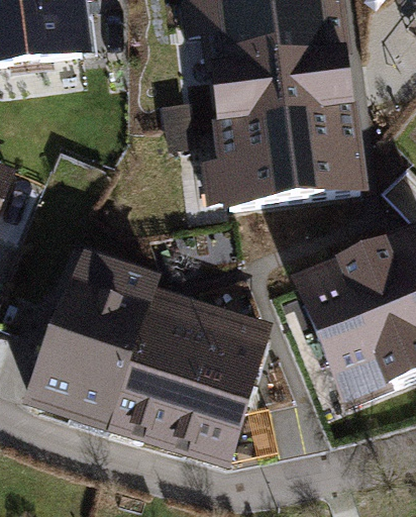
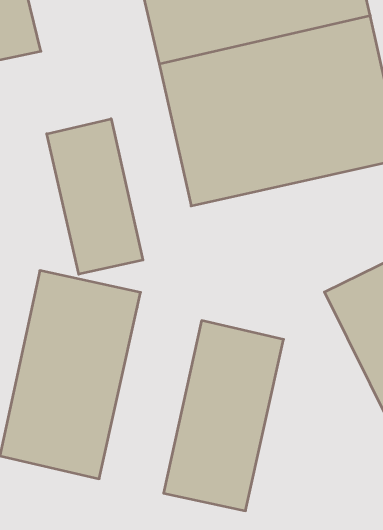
building: none -> [47,119,143,274]
building: [106,284,203,438] -> none

